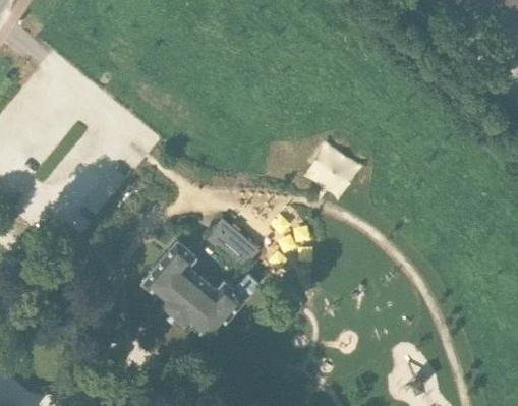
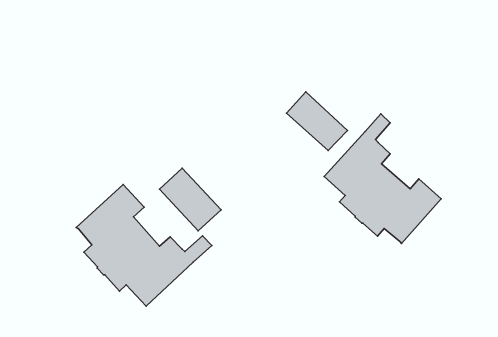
building: none -> [324,114,441,243]

